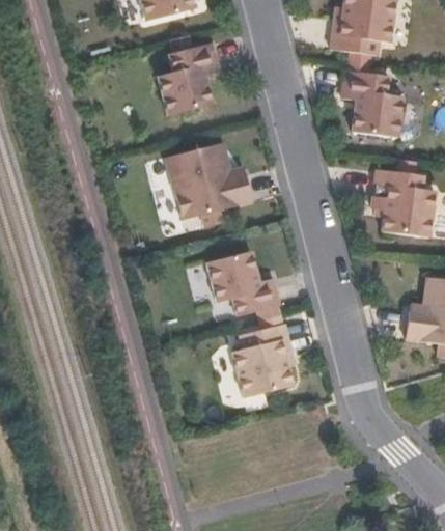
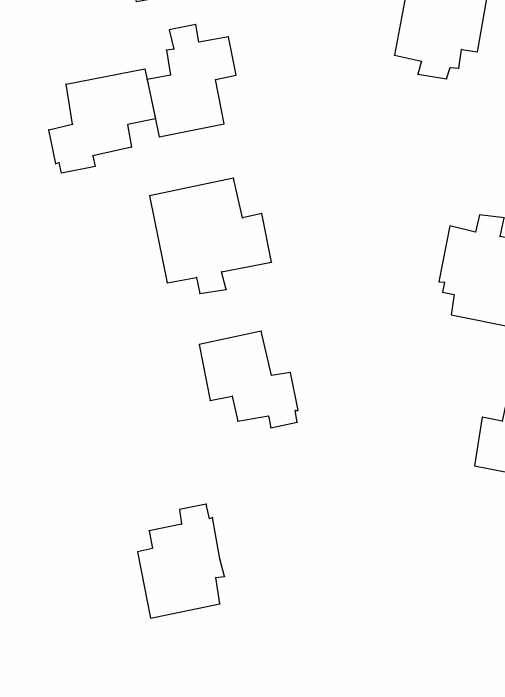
building: [342,60,402,136] -> none
building: none -> [49,69,155,173]
building: [232,314,296,398] -> [138,504,225,618]

